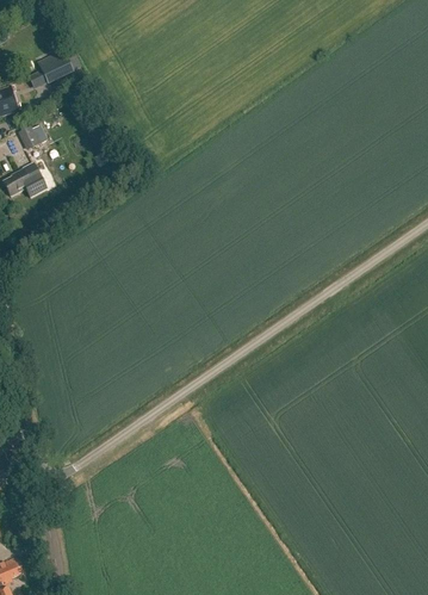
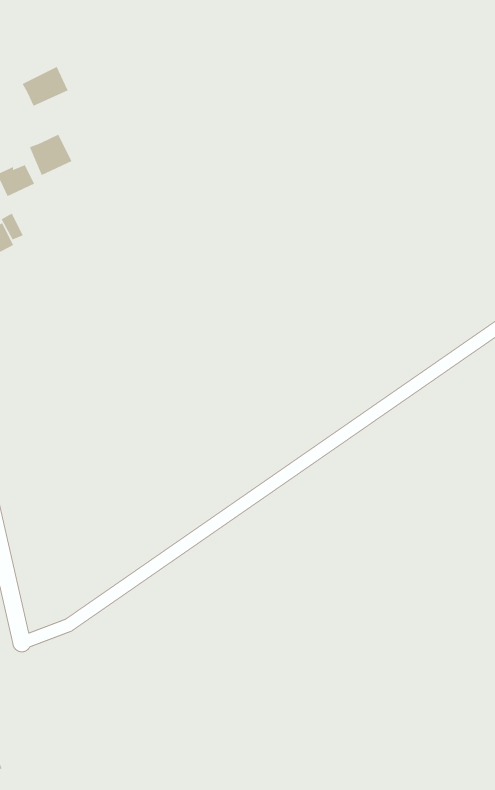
building: none -> [29,134,72,176]

